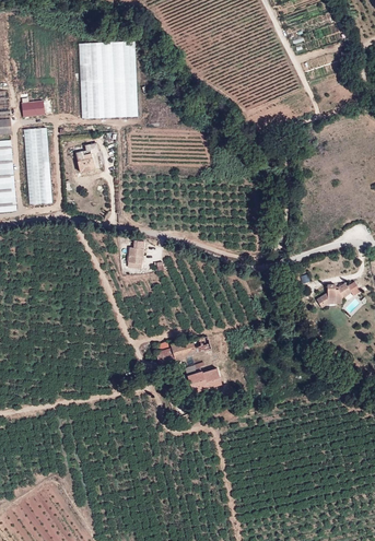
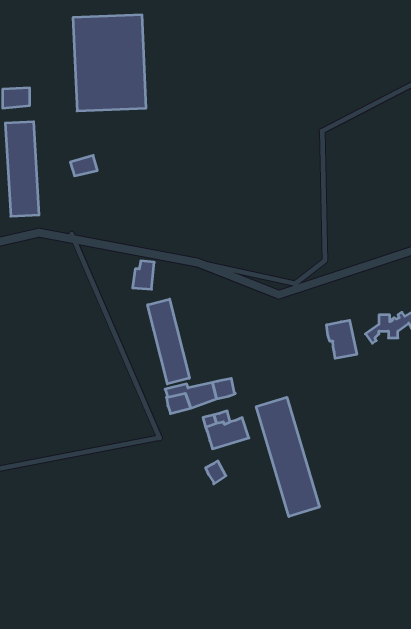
building: none -> [148,299,189,384]
building: none -> [327,320,357,358]
building: none -> [256,397,319,517]

